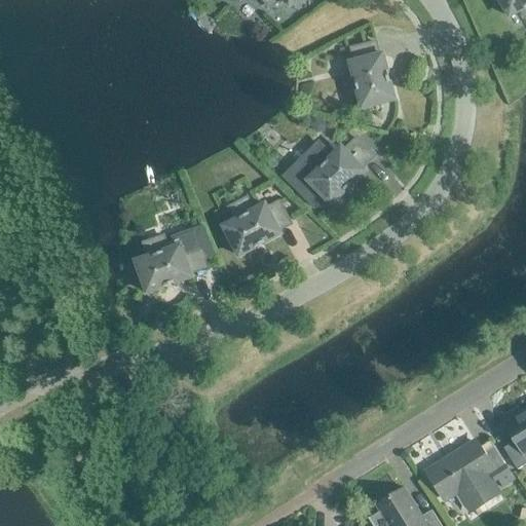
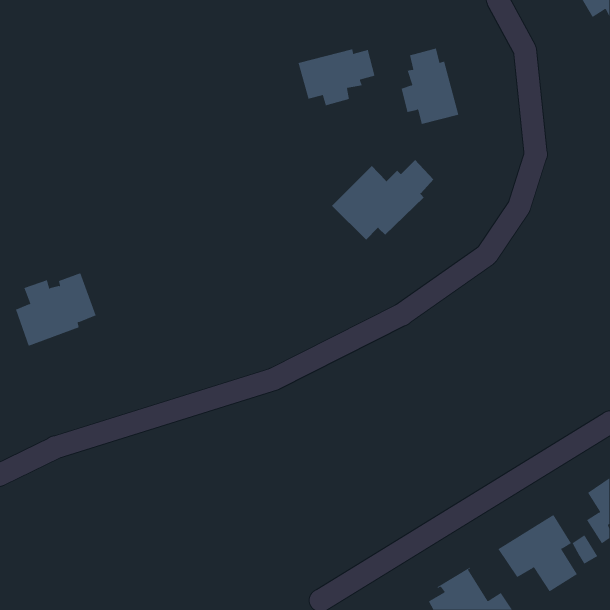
building: none -> [298,49,375,106]
building: [223,196,290,255] -> none
building: [136,228,205,292] -> [15,272,96,347]

